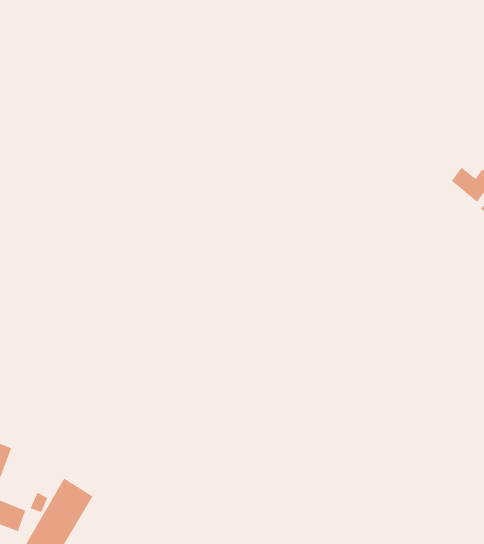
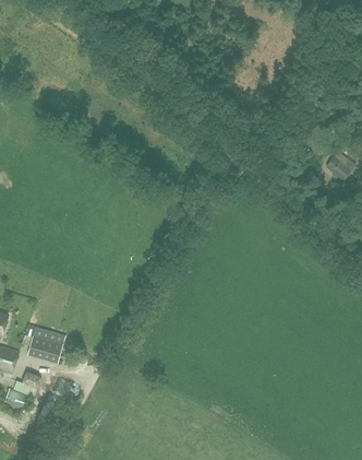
building: none -> [23,332,63,362]

